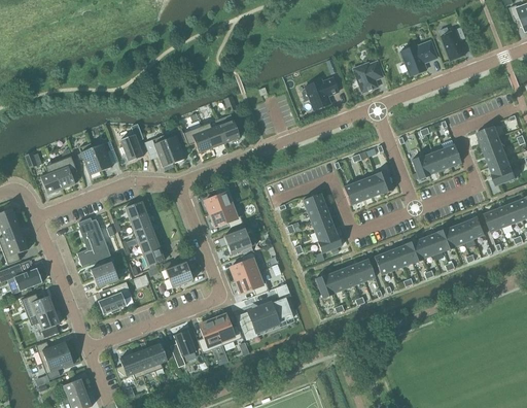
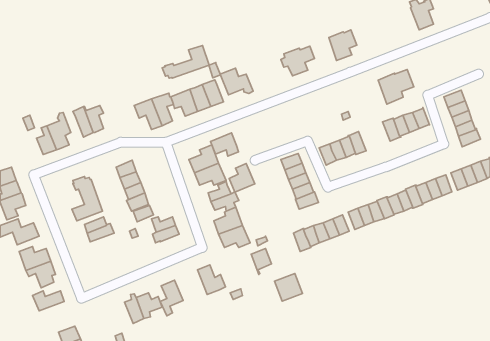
building: [399,39,437,76] -> [378,69,414,104]
building: none -> [162,46,209,78]
building: none -> [220,68,253,95]
building: [119,123,143,161] -> none
building: none -> [210,133,238,156]
building: none -> [229,164,255,192]
building: [98,281,131,313] -> none
building: [248,301,278,331] -> [275,273,302,301]
building: [198,317,222,351] -> none
building: [42,351,73,379] -> none
building: [115,352,143,379] -> none

